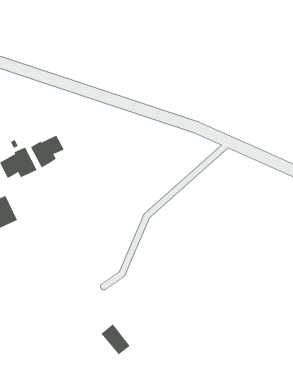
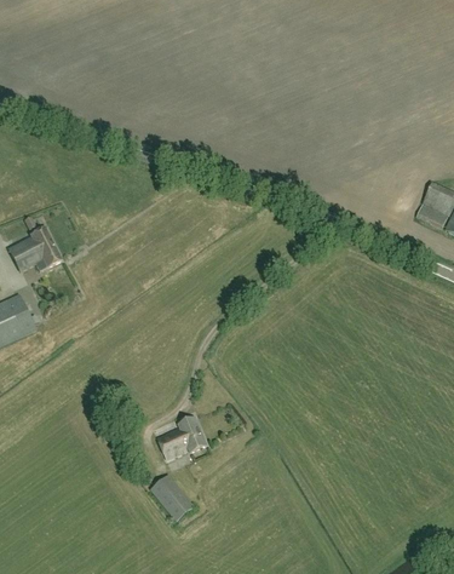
building: [30,135,64,168] -> none
building: none -> [157,417,207,458]

